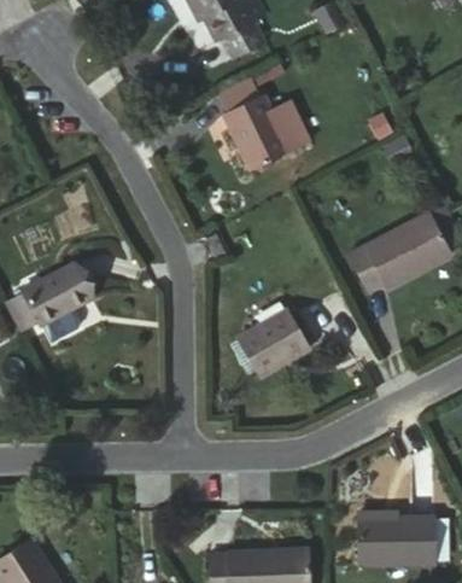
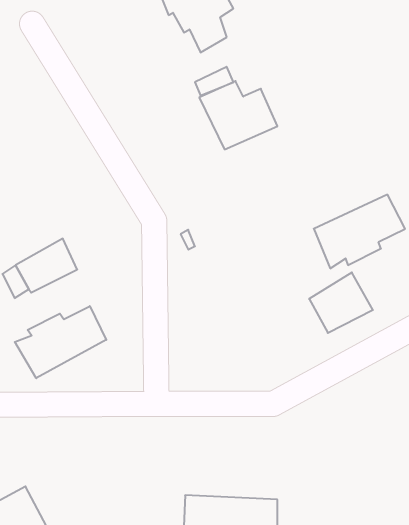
building: [239,313,309,379] -> [309,272,373,333]
building: none -> [15,306,106,378]
building: [358,517,434,565] -> none

